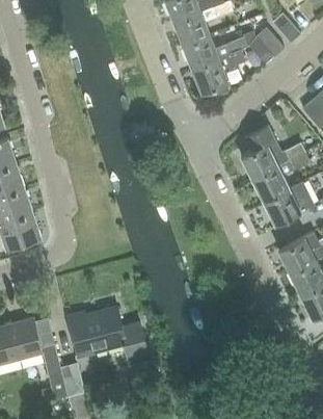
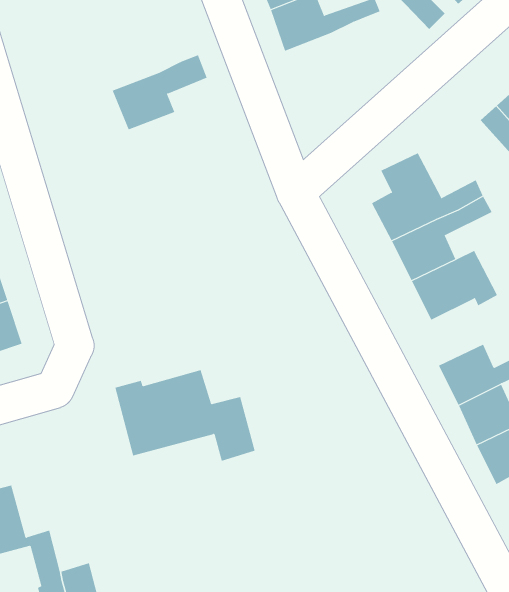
building: [191,48,246,91] -> [112,54,208,130]
building: [69,307,150,360] -> [114,369,255,462]

